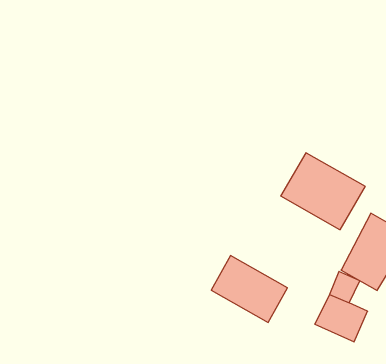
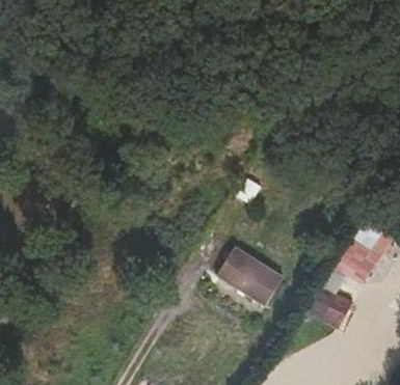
building: [281,153,365,230] -> none

